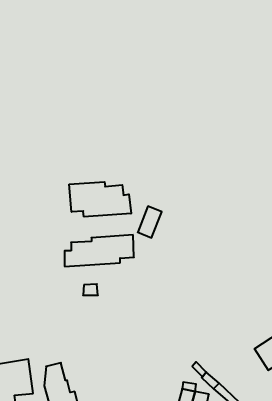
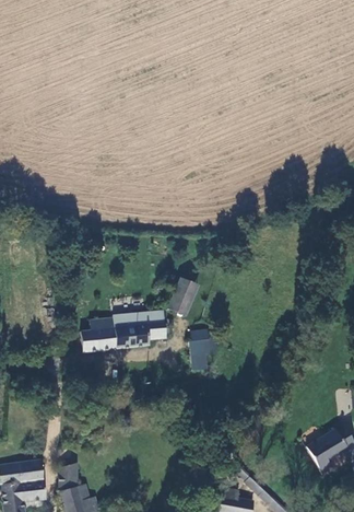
building: [69,182,131,217] -> none
building: none -> [186,334,215,371]

